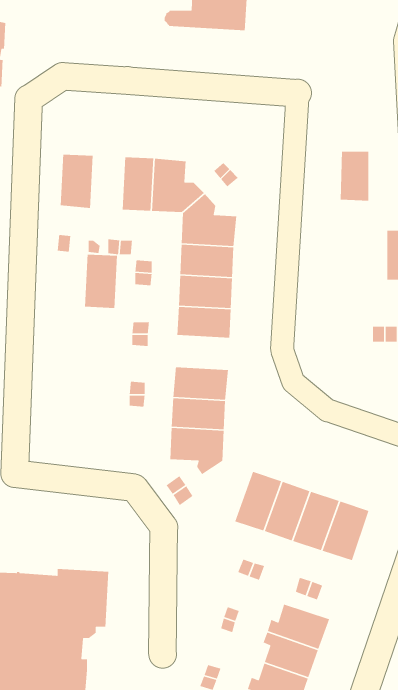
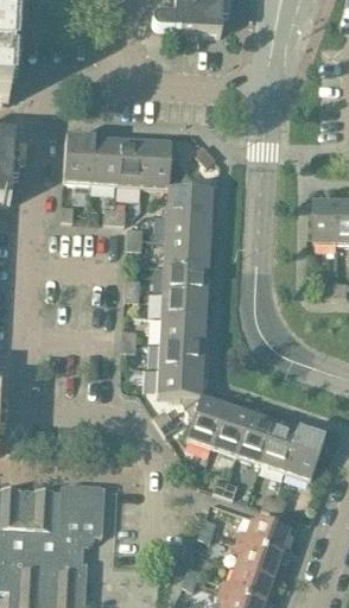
building: [340,151,369,202] -> [312,201,337,243]
building: [84,254,118,309] -> [88,138,116,184]
building: none -> [159,290,205,318]
building: none -> [182,395,224,446]

